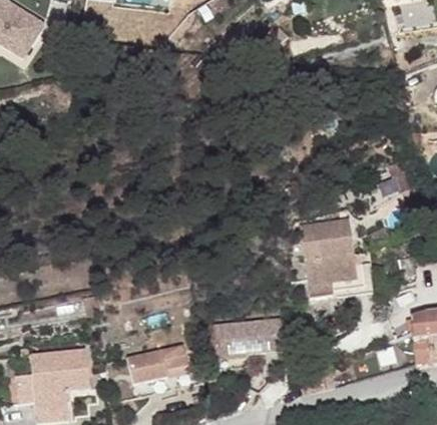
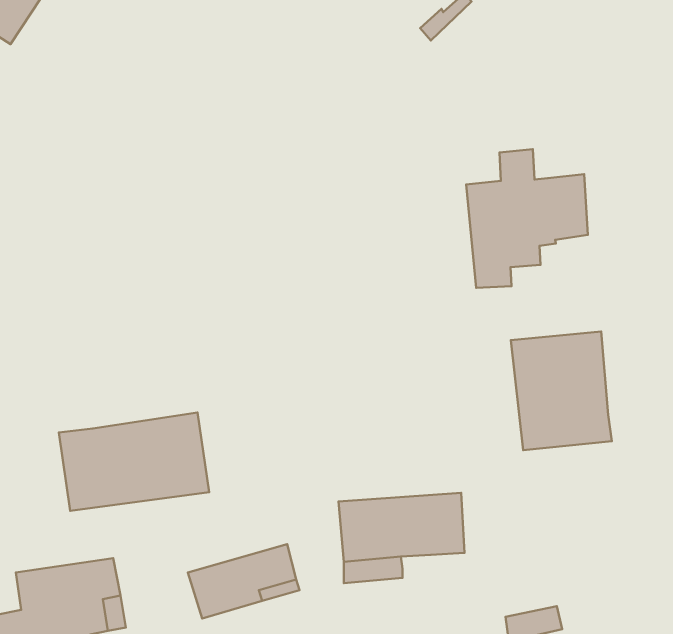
building: none -> [466,149,588,288]
building: none -> [59,412,209,511]

